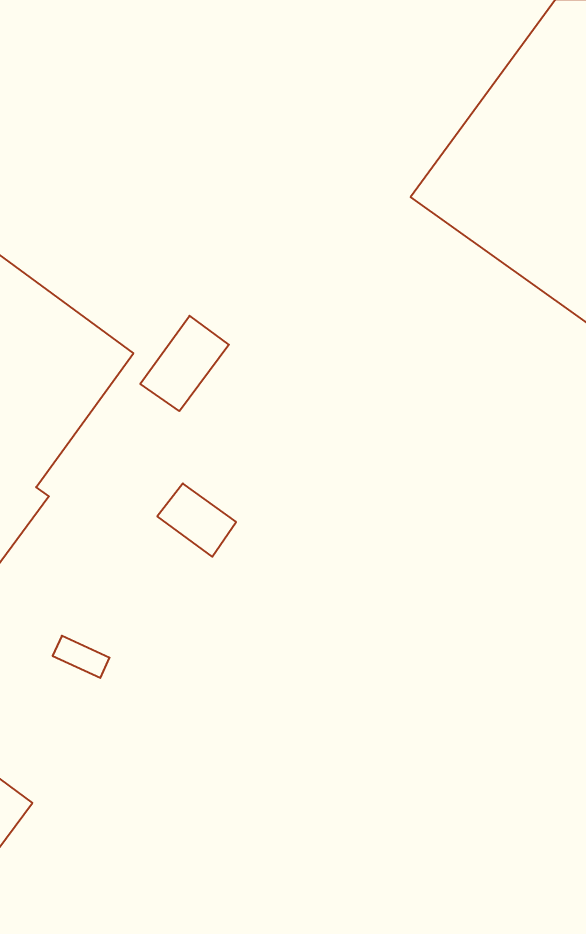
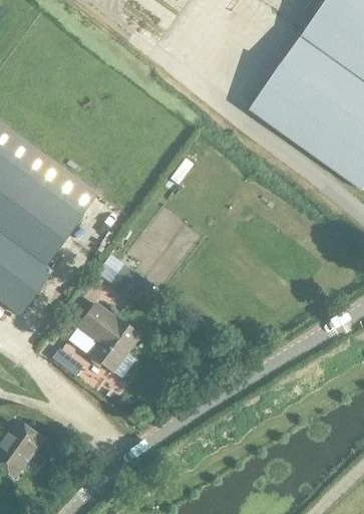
building: [140,316,229,411] -> none
building: none -> [76,305,138,371]

